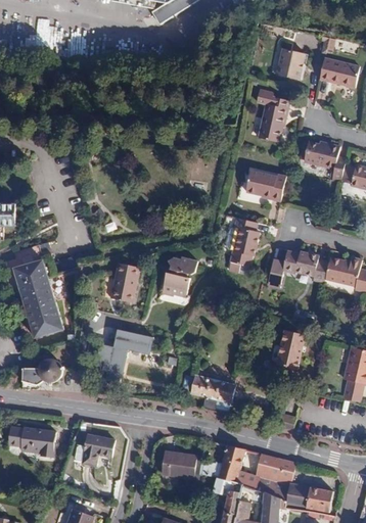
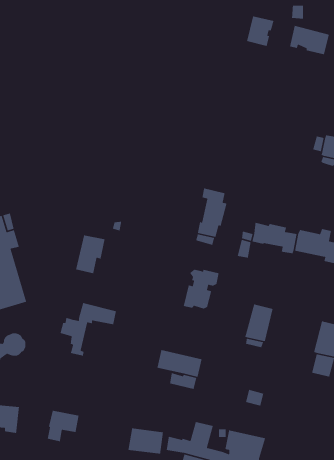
building: [258,96,289,142] -> none
building: [303,140,345,182] -> none
building: [245,170,285,201] -> none
building: [161,256,196,296] -> [183,269,219,309]

